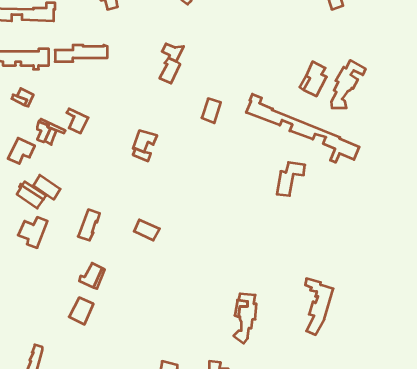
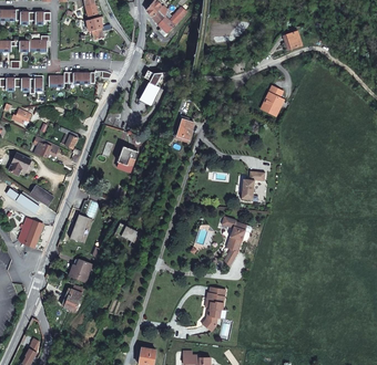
building: [332,60,365,108] -> none
building: [246,94,359,162] -> none
building: [305,279,333,335] -> [222,218,246,267]

